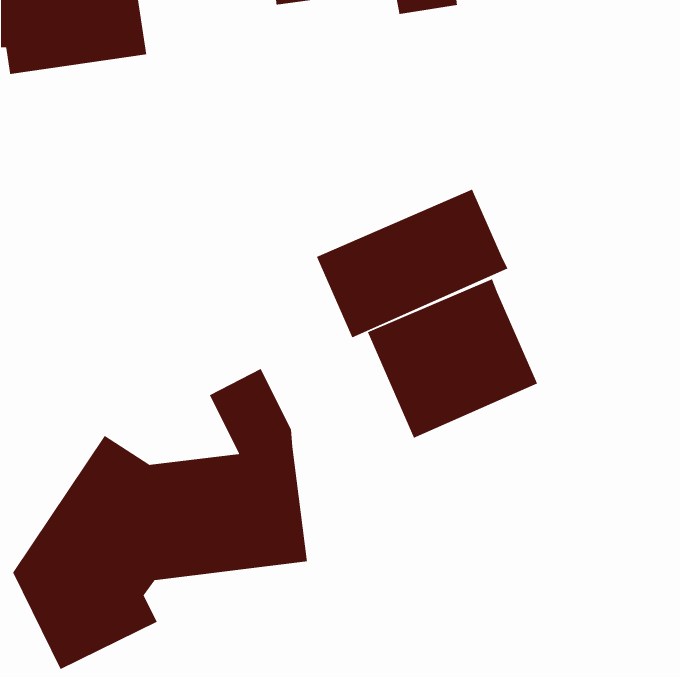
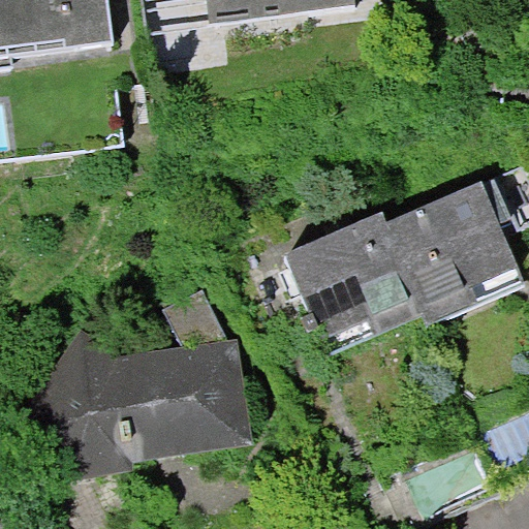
building: [316,188,509,339] -> none
building: none -> [387,178,520,307]

